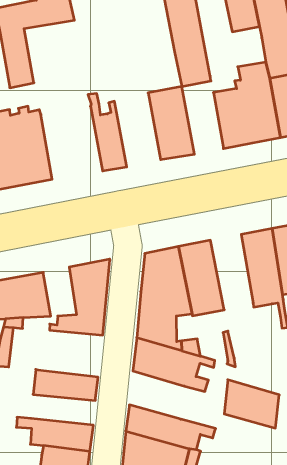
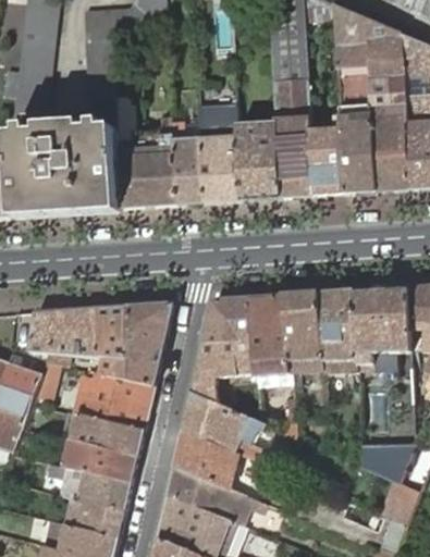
building: none -> [340,65,372,107]
building: none -> [199,100,243,201]
building: none -> [277,119,314,197]
building: none -> [114,96,177,207]
building: none -> [286,292,324,388]
building: none -> [98,304,128,357]
building: none -> [76,369,155,429]
building: [224,380,279,428] -> [174,426,237,486]
building: none -> [64,438,137,481]

